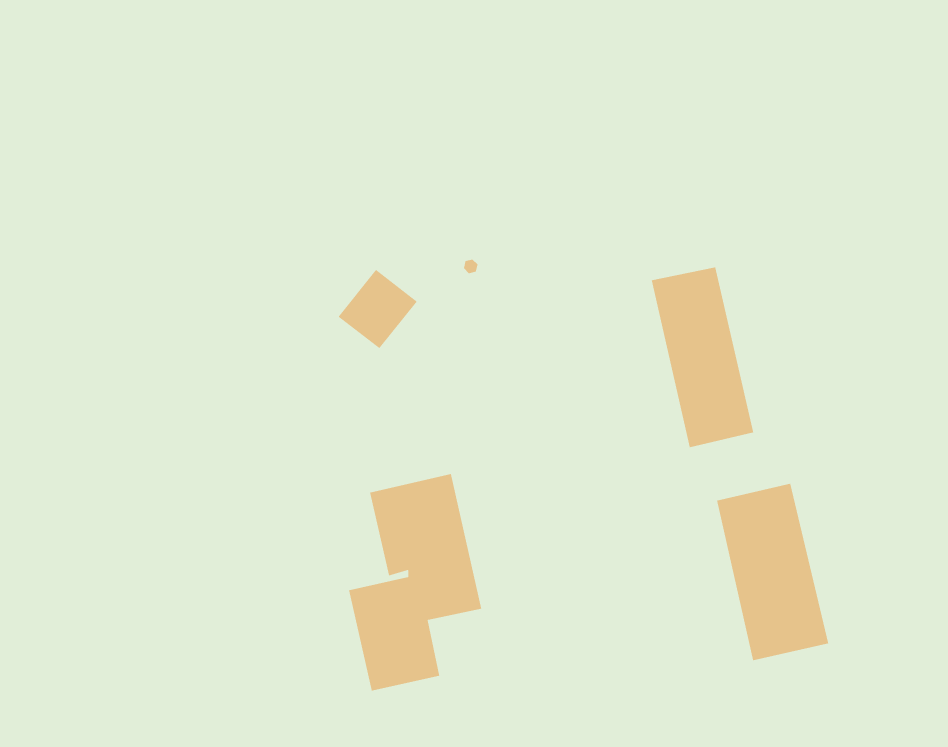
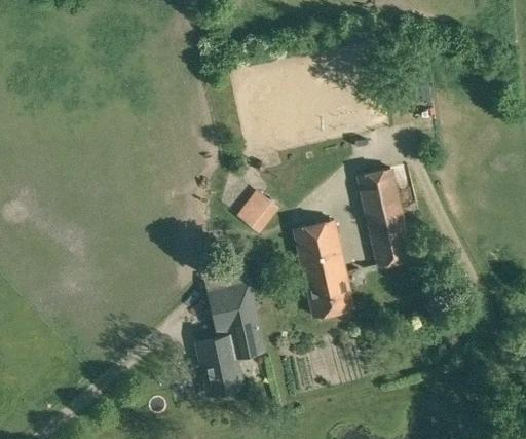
building: [337,269,418,349] -> [236,192,279,235]
building: [716,483,829,661] -> [293,219,353,315]

